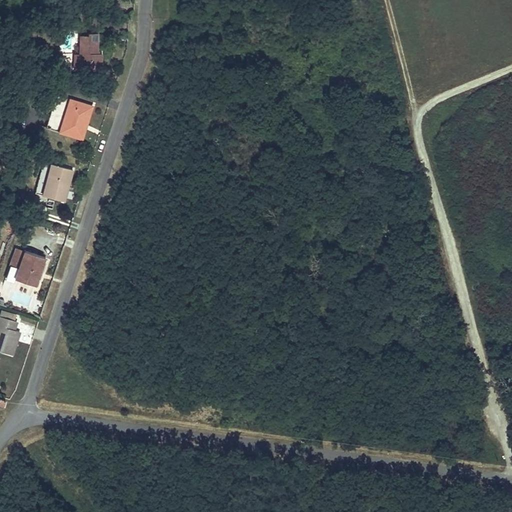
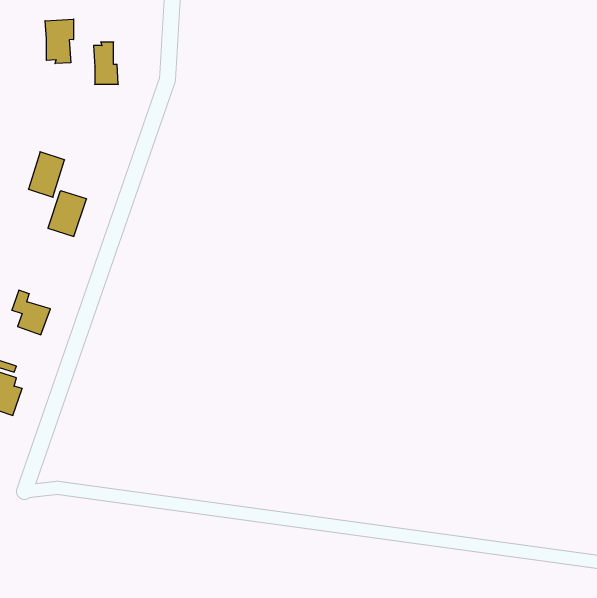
building: none -> [45,19,74,64]
building: [61,100,92,139] -> [28,152,65,197]

